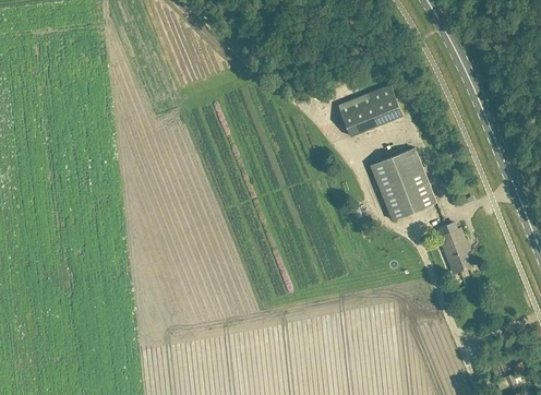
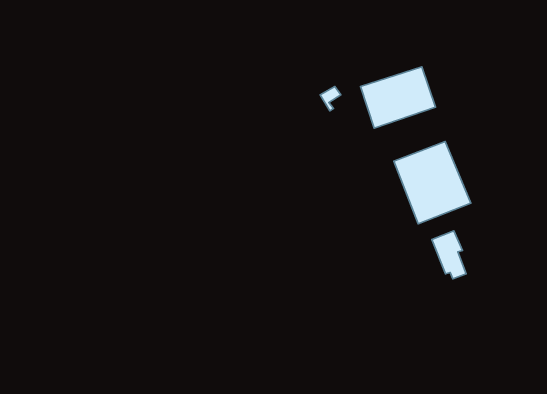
building: [437,229,468,272] -> [432,231,466,279]

